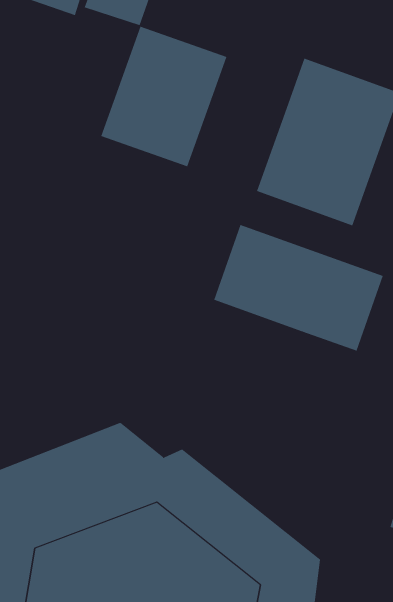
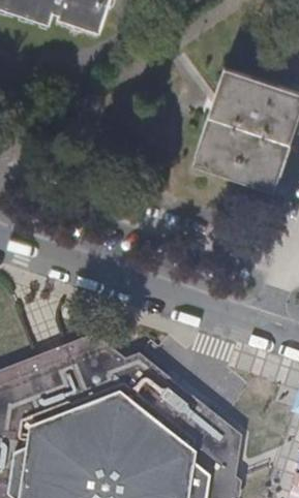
building: [100,26,227,167] -> none
building: [213,224,383,351] -> none

